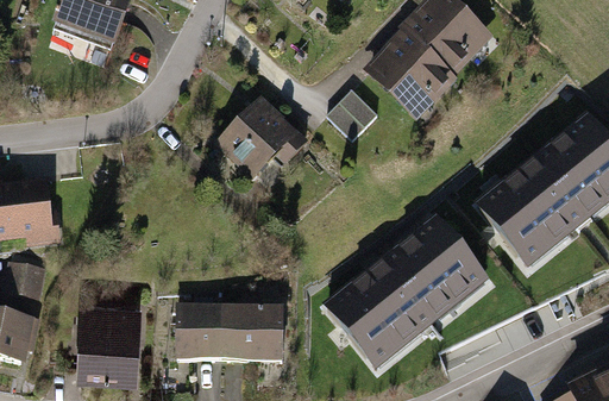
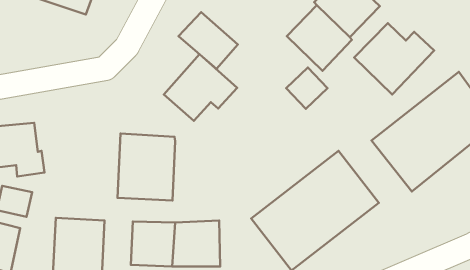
building: none -> [179,12,238,69]
building: none -> [354,23,434,95]
building: [325,87,377,139] -> [286,67,327,109]
building: none -> [118,133,175,200]

